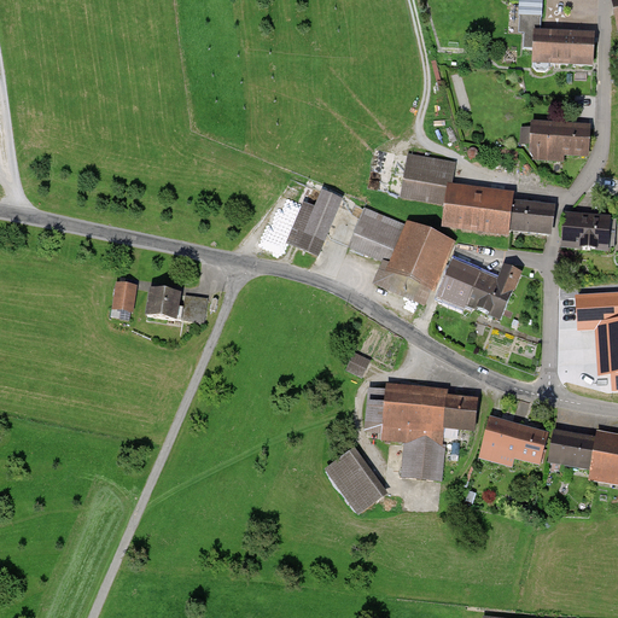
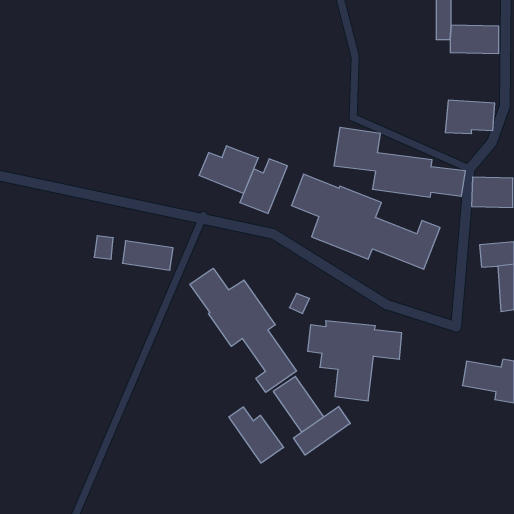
building: none -> [199,146,258,193]
building: none -> [190,268,297,392]
building: [479,414,550,465] -> none
building: none -> [294,406,350,455]
building: none -> [229,407,284,463]

